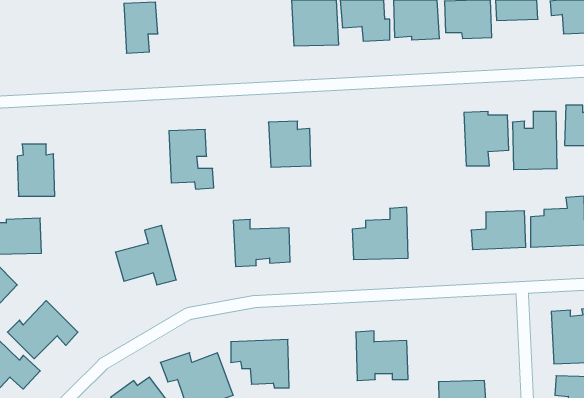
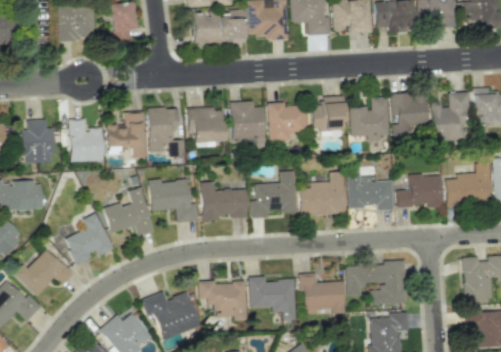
building: none -> [58,5,95,40]
building: none -> [193,9,246,44]
building: none -> [311,95,345,130]
building: none -> [350,96,389,140]
building: none -> [268,101,307,142]
building: none -> [189,107,225,142]
building: none -> [107,111,144,156]
building: none -> [69,118,103,161]
building: none -> [347,166,394,210]
building: none -> [251,170,297,218]
building: none -> [149,178,198,222]
building: none -> [65,212,114,263]
building: none -> [346,262,407,304]
building: none -> [249,276,297,320]

